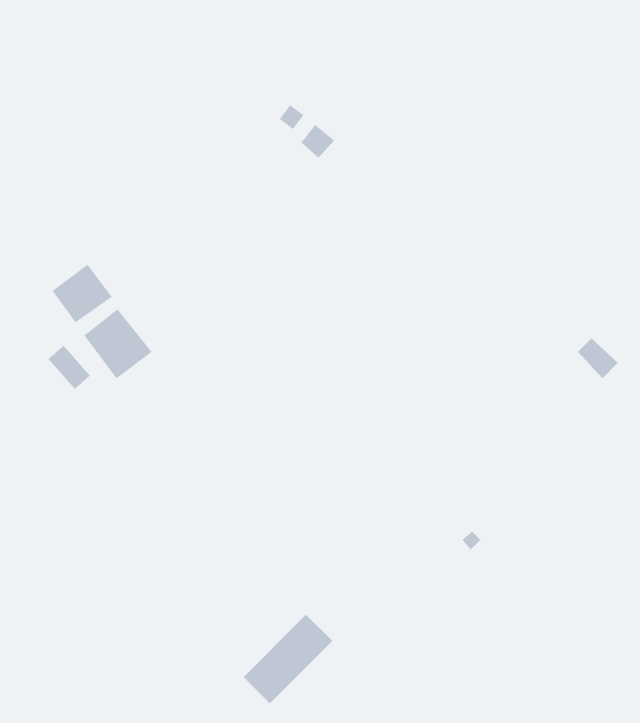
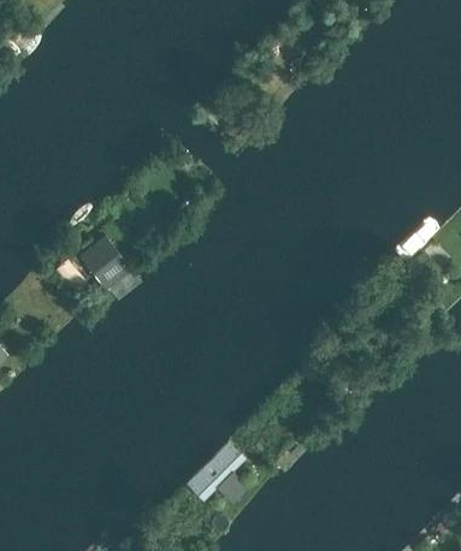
building: [52,264,113,323] -> none

